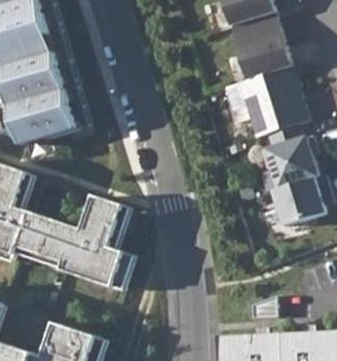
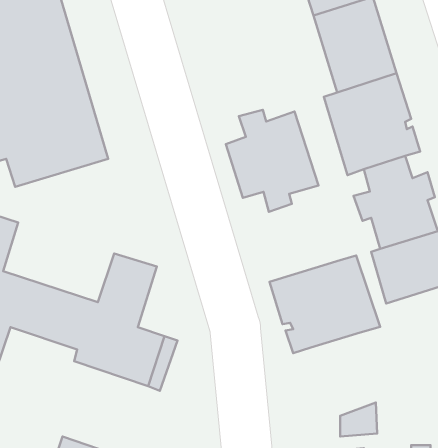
building: none -> [226,110,319,212]
building: none -> [269,256,380,353]

